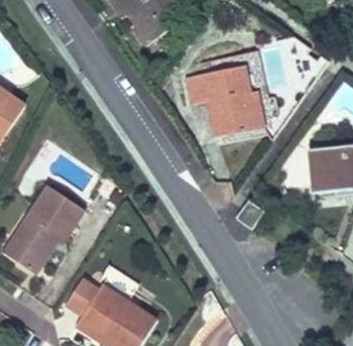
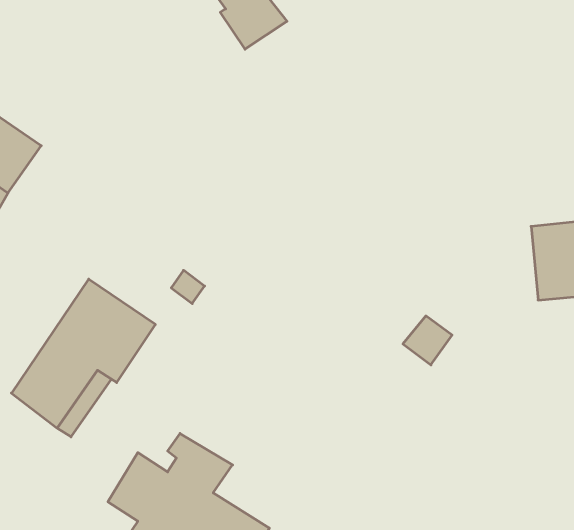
building: [185,66,266,137] -> none

